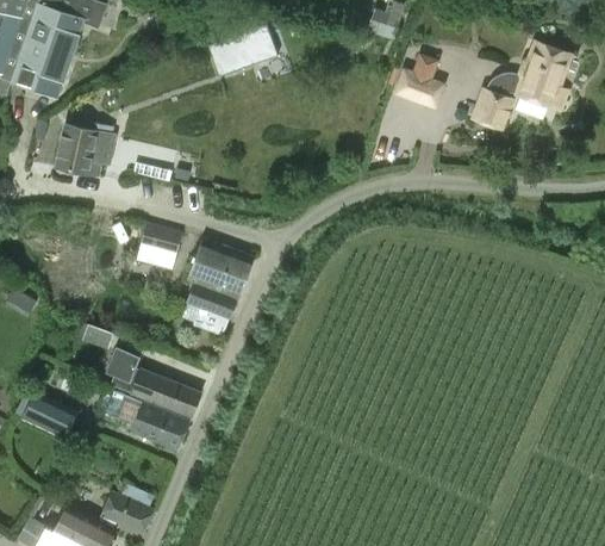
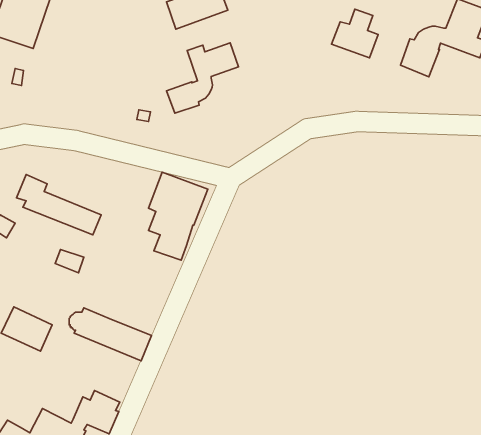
building: none -> [166,43,239,113]
building: [56,123,114,173] -> none
building: [136,223,182,271] -> none
building: [105,347,200,415] -> [17,174,101,235]

